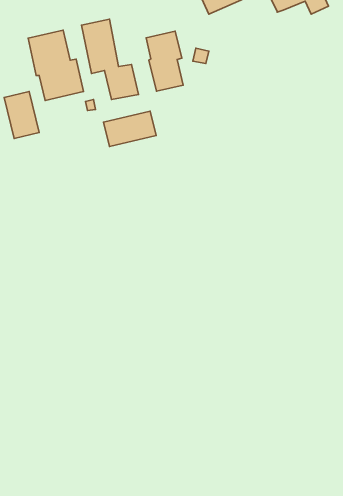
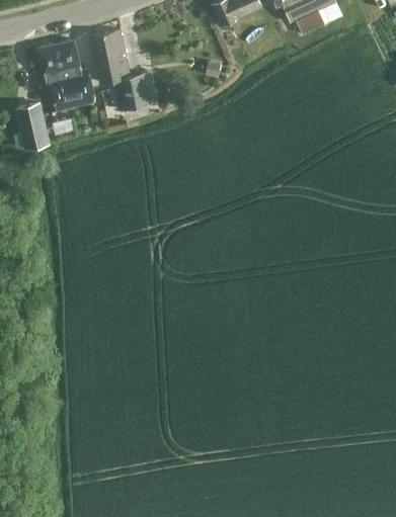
building: [146,31,183,91] -> none
building: [104,111,156,146] -> none

